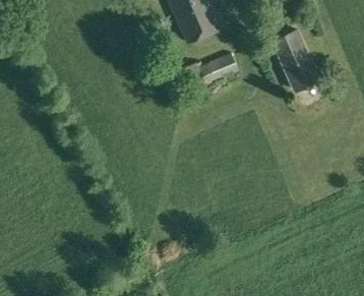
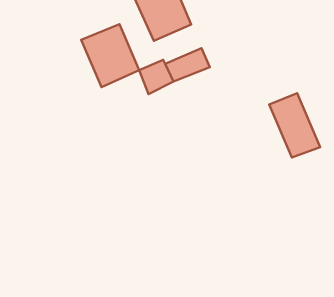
building: none -> [81,24,139,87]
building: [270,29,320,93] -> [269,93,320,158]

